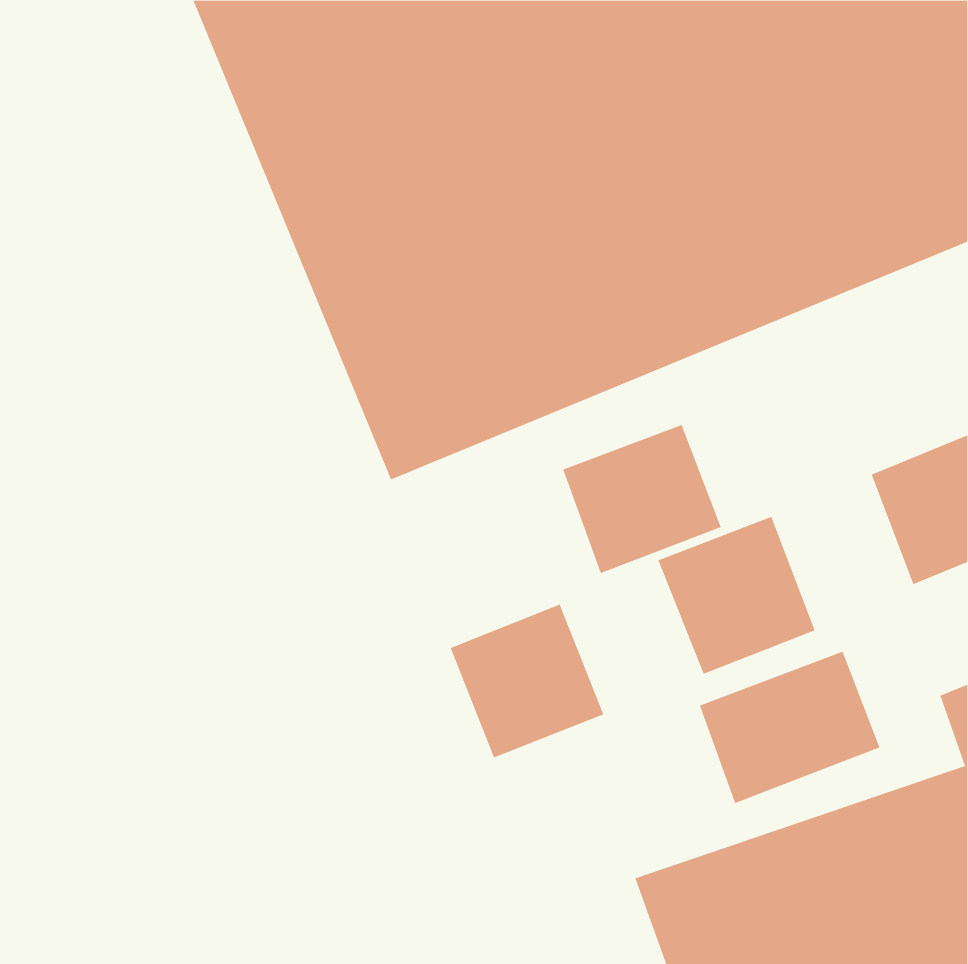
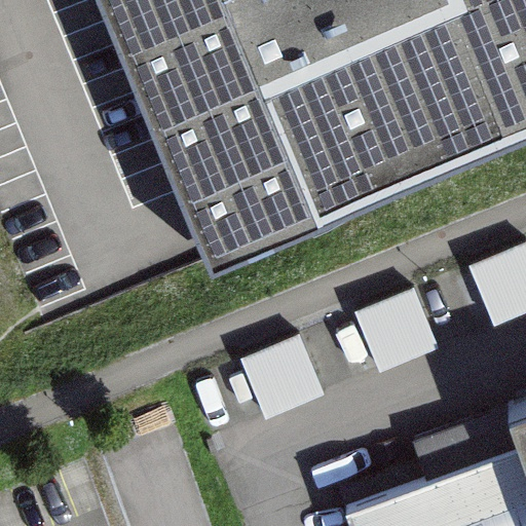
building: [562,424,721,574] -> none
building: [699,651,880,804] -> none

